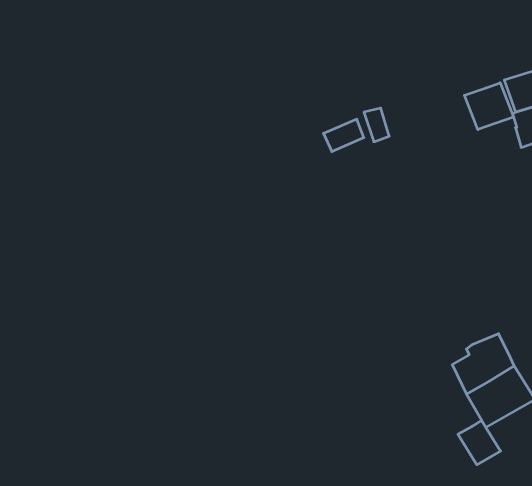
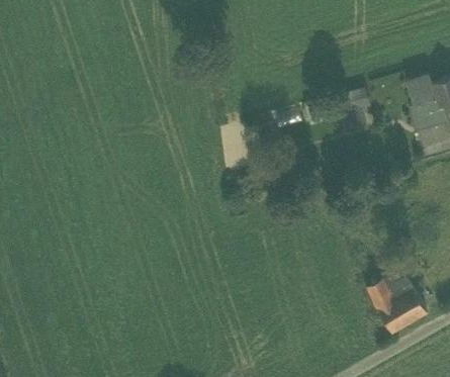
building: [464,83,514,130] -> none
building: [458,420,501,465] -> none

